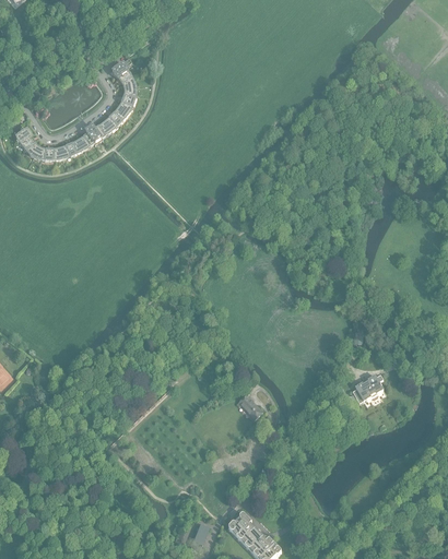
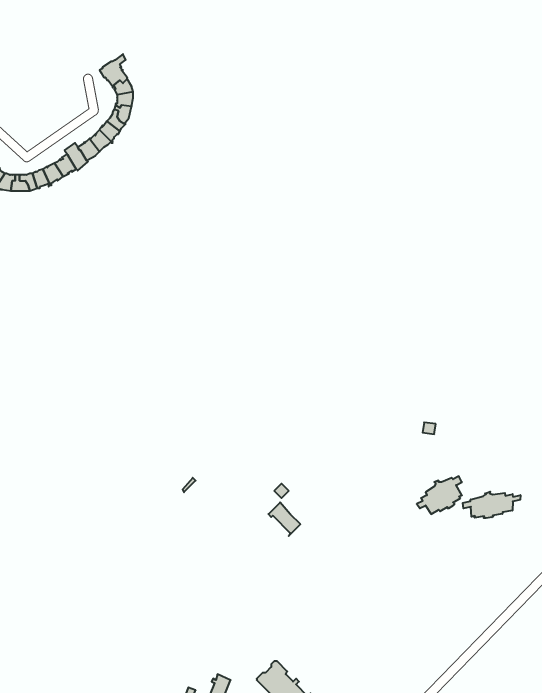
building: none -> [463,492,520,518]

